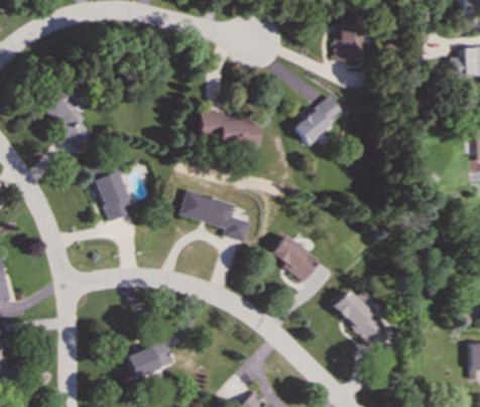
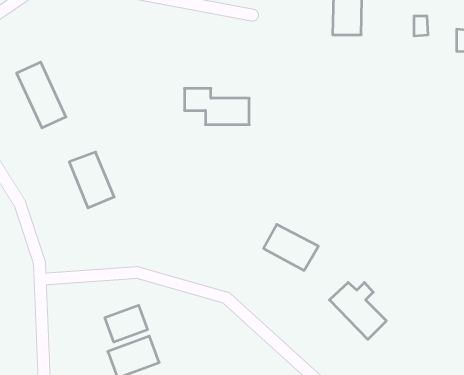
building: [293,97,345,143] -> none
building: [179,189,253,242] -> none
building: none -> [105,305,147,342]

